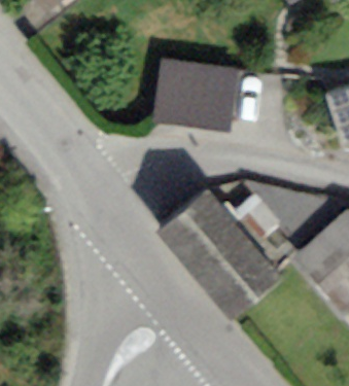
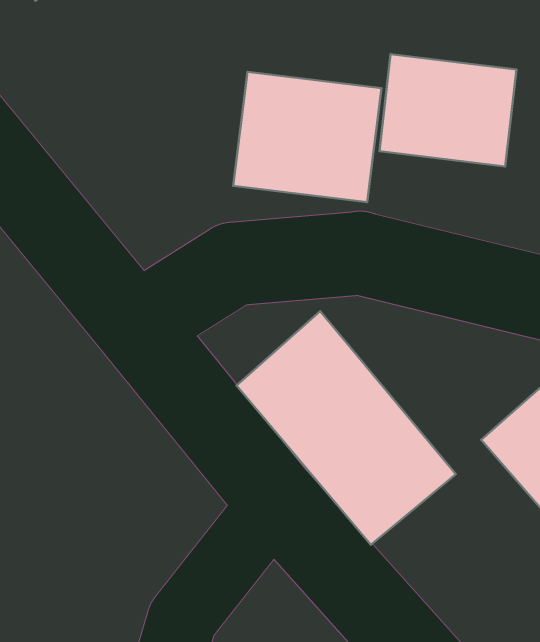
building: none -> [379,54,516,166]

